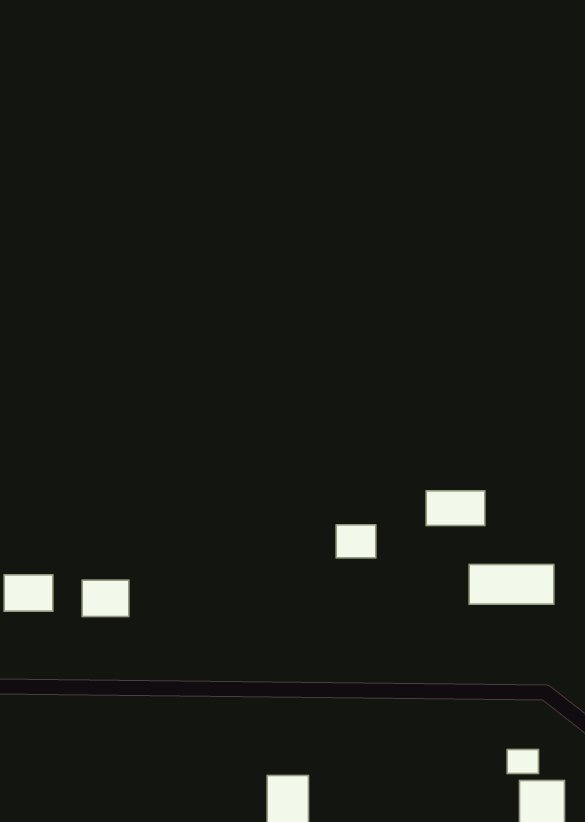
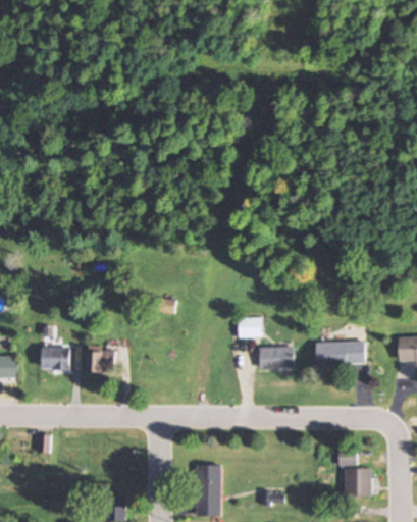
building: [426,491,485,525] -> [259,348,294,368]

